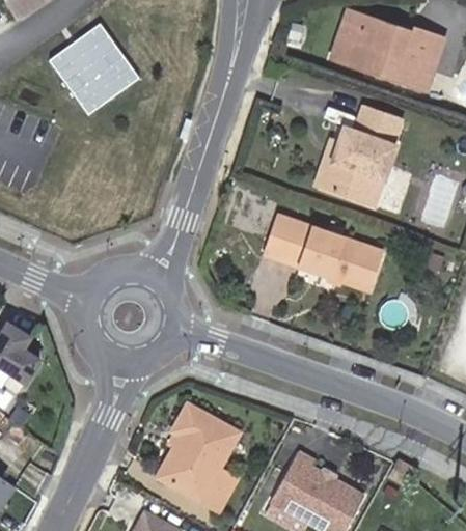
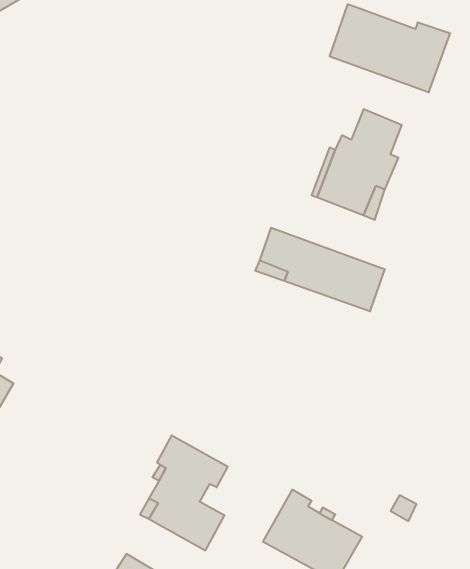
building: [46,26,135,115] -> none

